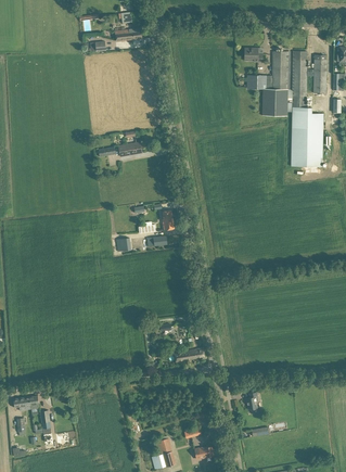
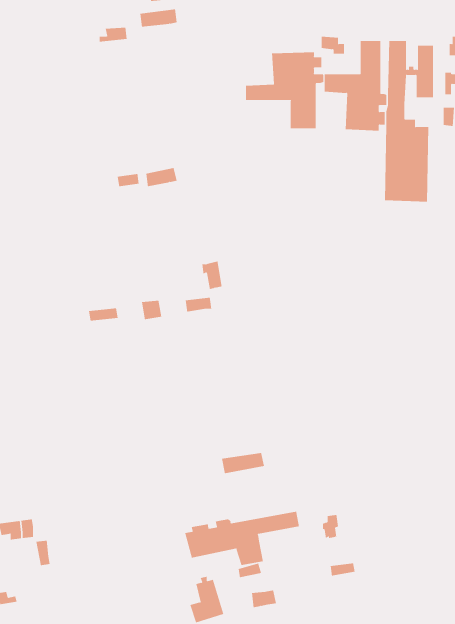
building: none -> [246,51,324,129]
building: none -> [185,511,299,566]

